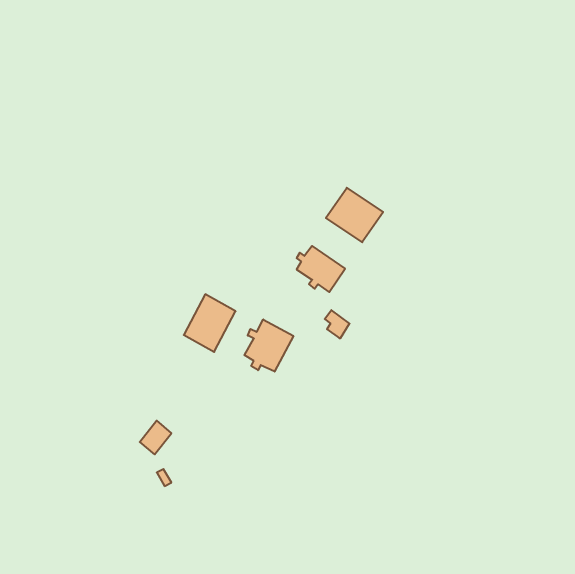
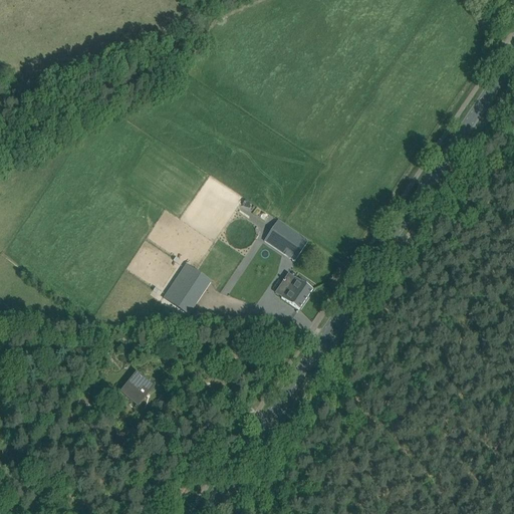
building: [326,188,383,242] -> none
building: [244,319,293,372] -> none

